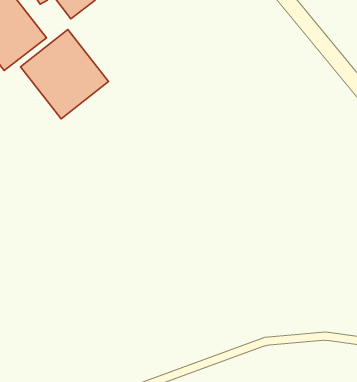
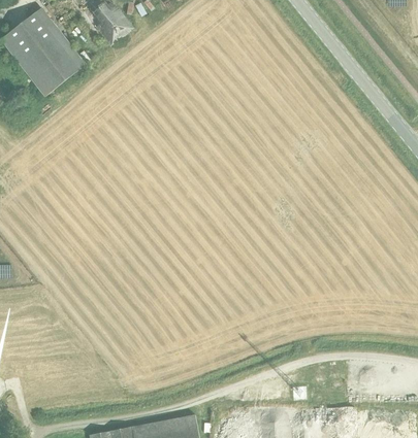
building: [21,30,108,119] -> none

